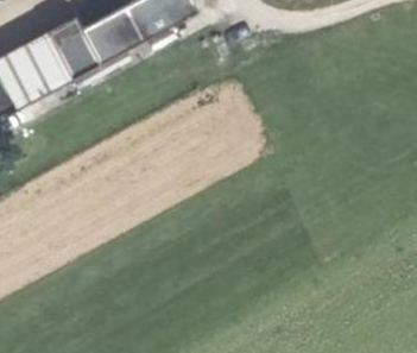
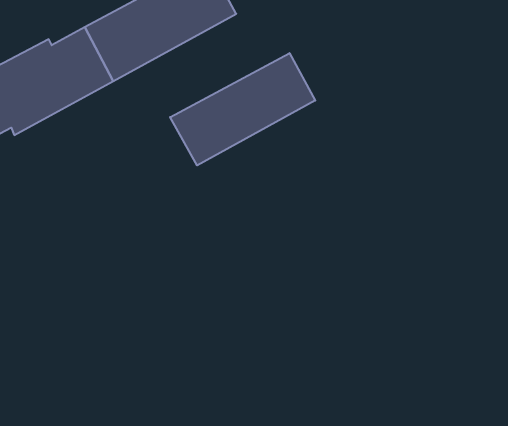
building: none -> [170,53,315,165]

